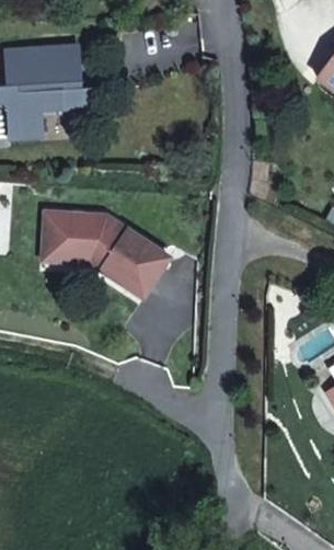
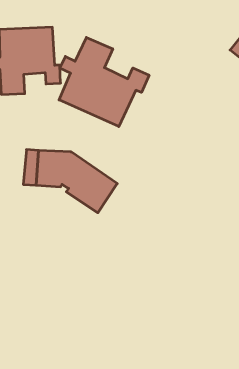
building: none -> [59,37,149,127]

